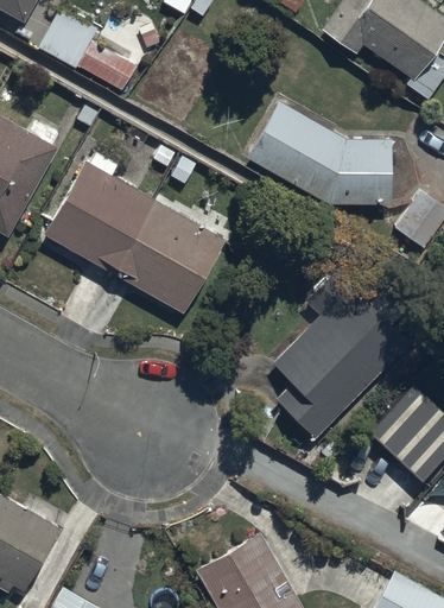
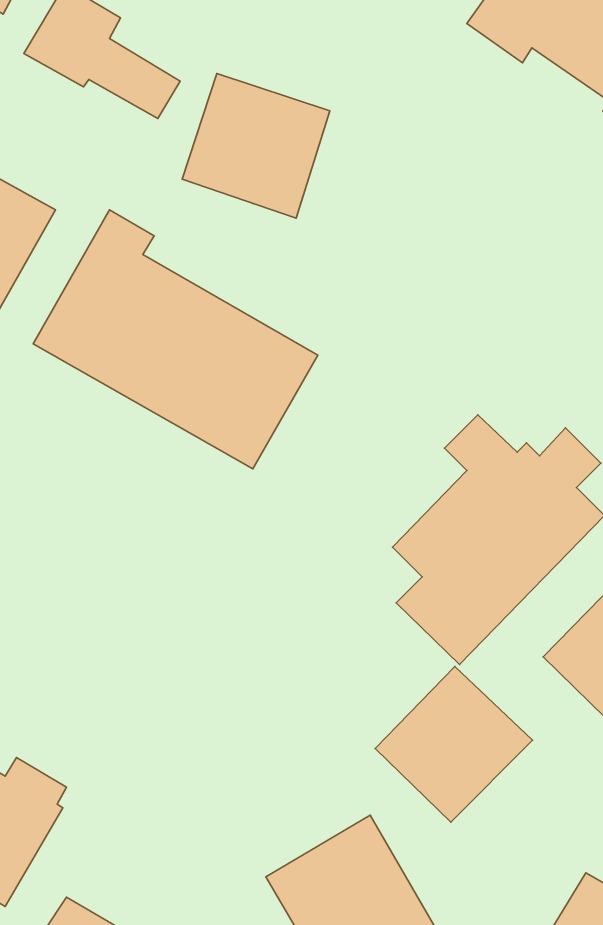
building: none -> [182,73,330,218]
building: [247,102,389,205] -> none
building: none -> [375,666,532,822]

